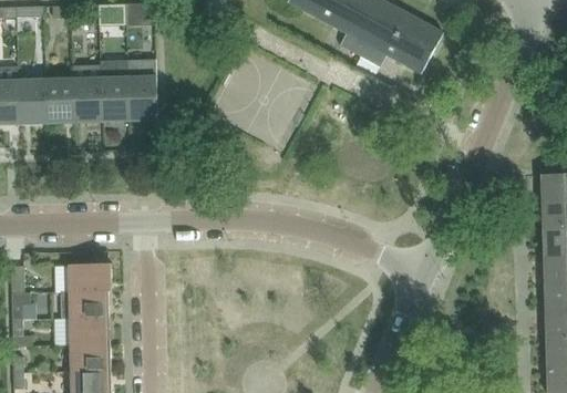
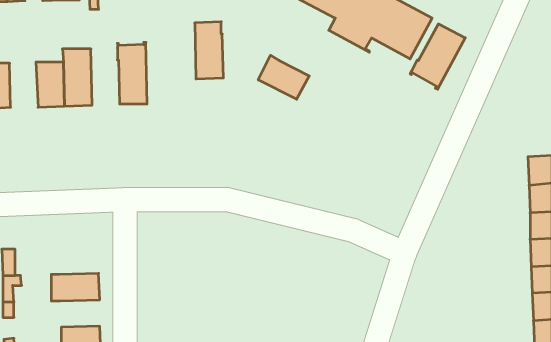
building: none -> [410,24,465,89]
building: [101,63,130,121] -> [195,22,223,79]
building: none -> [258,55,309,99]
building: [19,77,48,123] -> none
building: [69,262,113,291] -> none
building: [70,317,110,344] -> none

